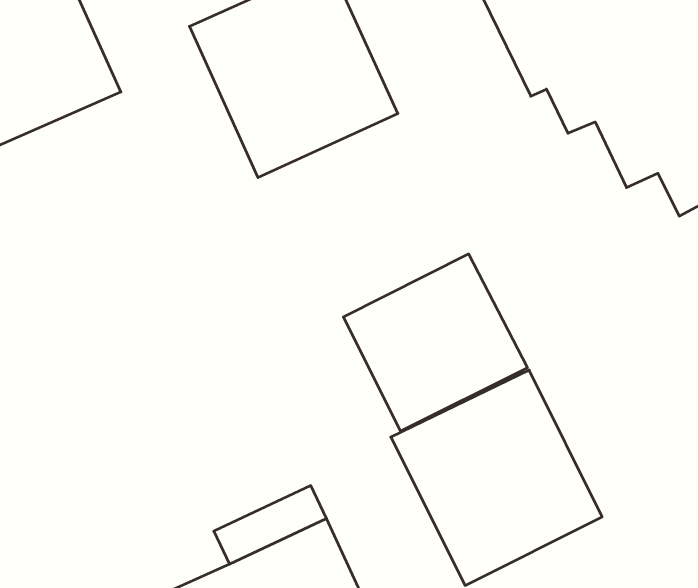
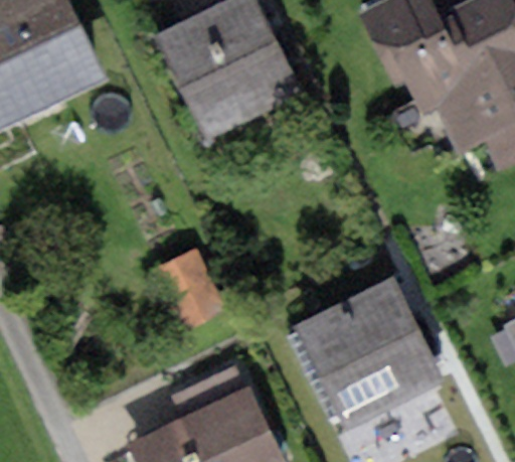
building: [343,254,527,431] -> none
building: none -> [158,252,228,332]

